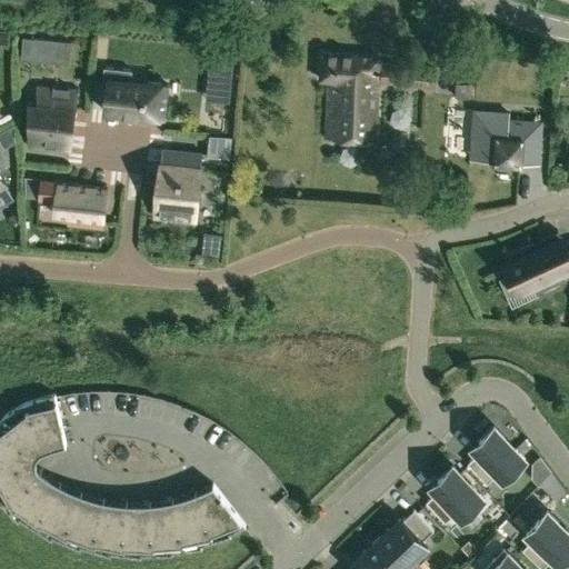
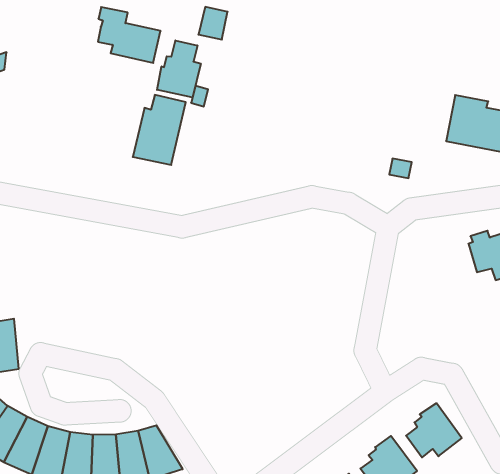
building: [319,57,435,143] -> none
building: [29,84,76,152] -> none
building: none -> [157,40,201,98]
building: [37,181,103,229] -> none

